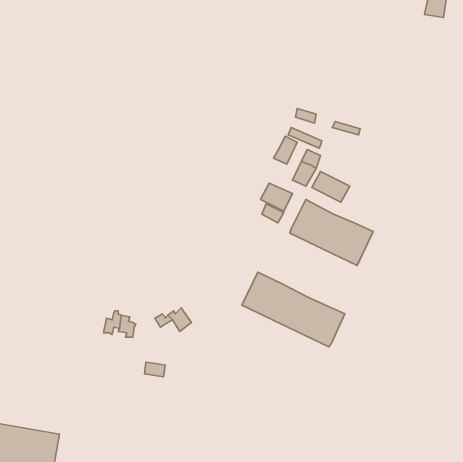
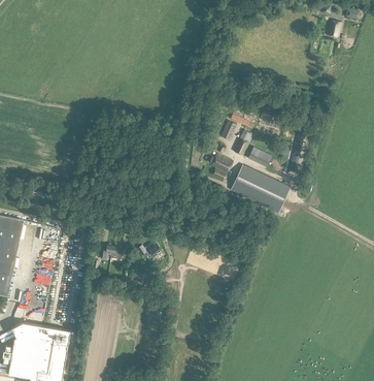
building: [242,272,345,347] -> none

